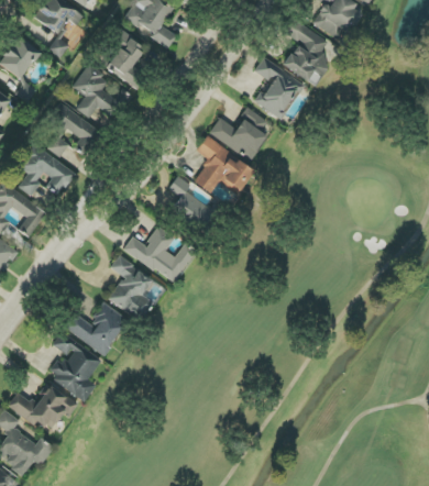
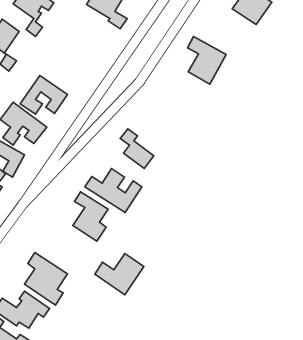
building: [283,19,331,81] -> none
building: [102,32,147,88] -> none
building: [73,65,121,118] -> none
building: [209,108,267,161] -> none
building: [194,136,254,195] -> none
building: [65,302,128,355] -> [95,253,144,295]

